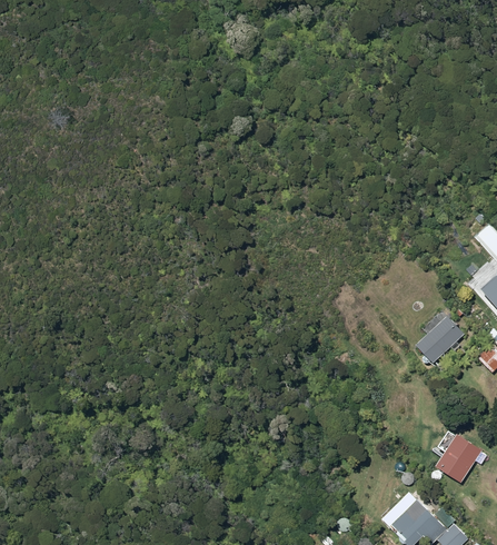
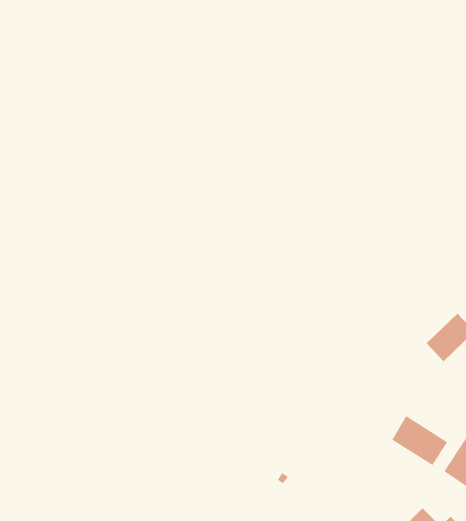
building: none -> [391,415,448,466]

